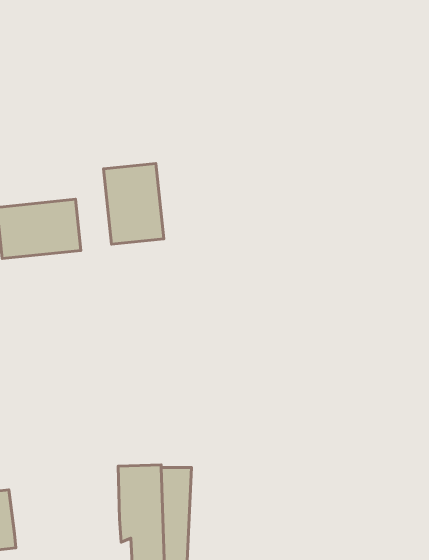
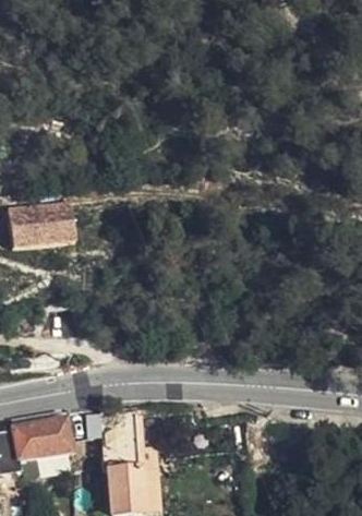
building: [104,163,164,244] -> none
building: none -> [14,420,67,466]

